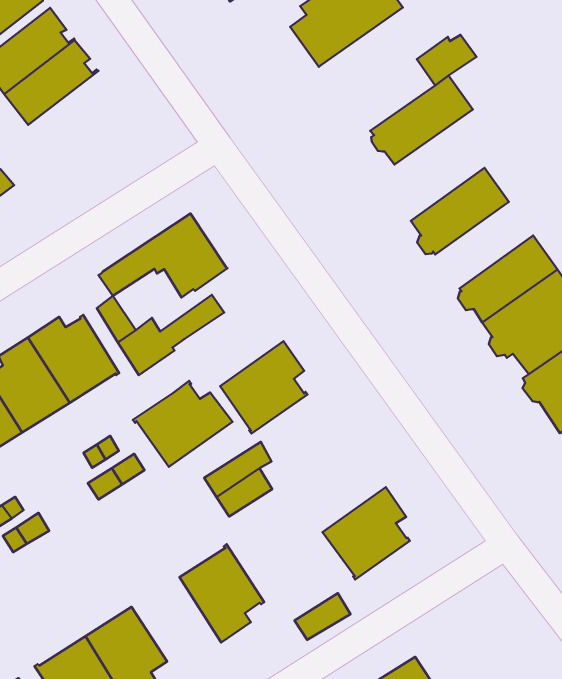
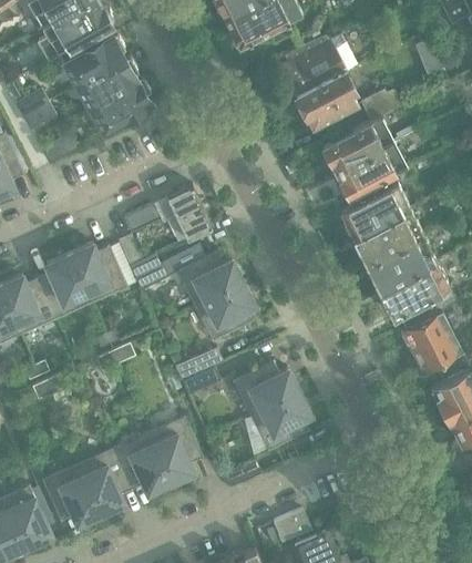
building: none -> [296,71,360,127]
building: none -> [90,79,152,132]
building: none -> [336,142,408,197]
building: none -> [355,208,423,263]
building: [133,381,232,467] -> [175,249,243,306]
building: none -> [232,359,298,416]
building: none -> [113,432,171,491]

